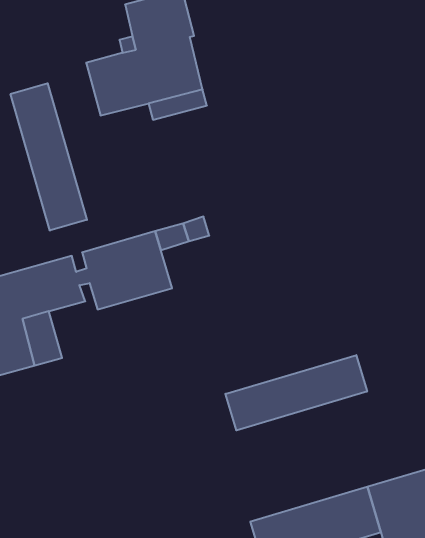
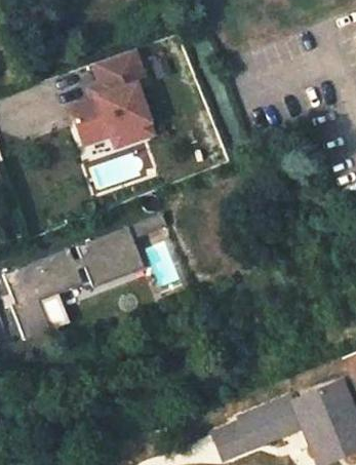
building: [11,83,87,231] -> none
building: [225,355,367,430] -> none

